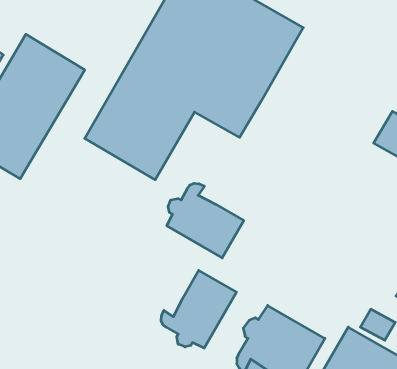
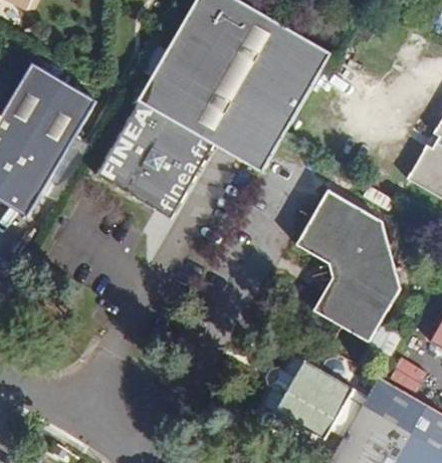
building: none -> [295,189,400,341]
building: [167,183,244,258] -> none
building: [161,270,236,348] -> none

